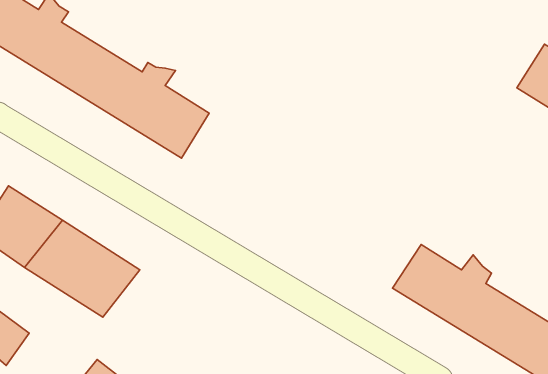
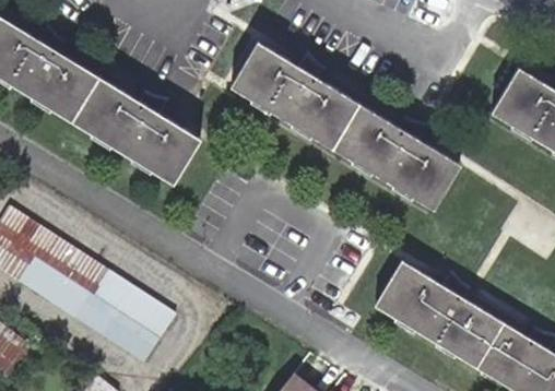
building: none -> [233,44,458,210]
building: none -> [99,287,174,359]

